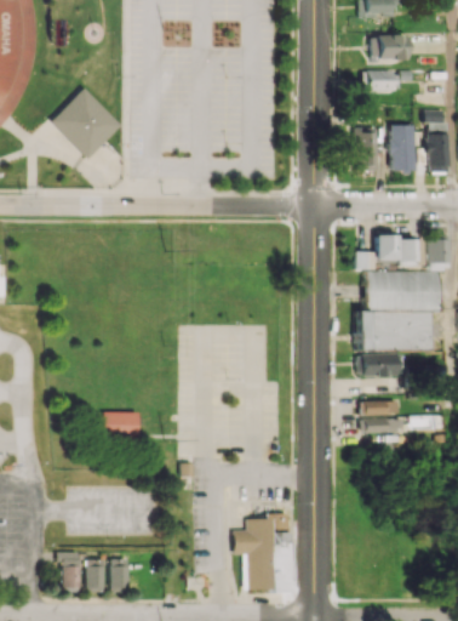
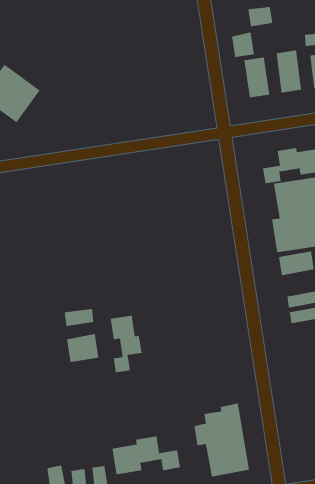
building: none -> [232,32,254,58]
building: none -> [64,308,94,327]
building: none -> [110,315,142,373]
building: none -> [112,435,181,475]

